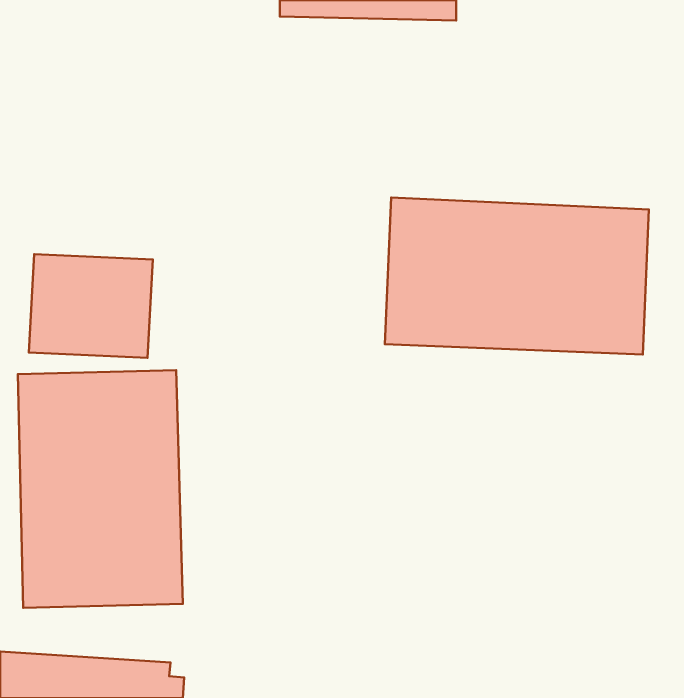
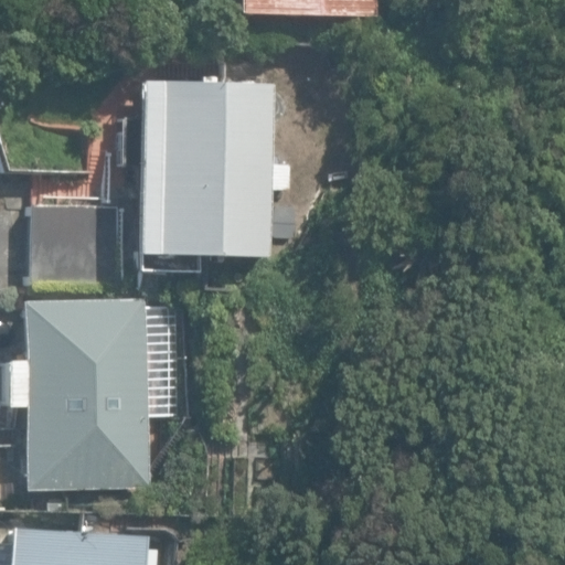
building: none -> [137,82,289,259]
building: [385,198,649,355] -> none

